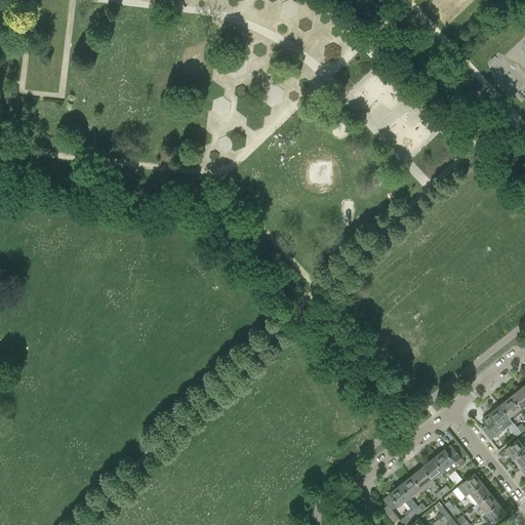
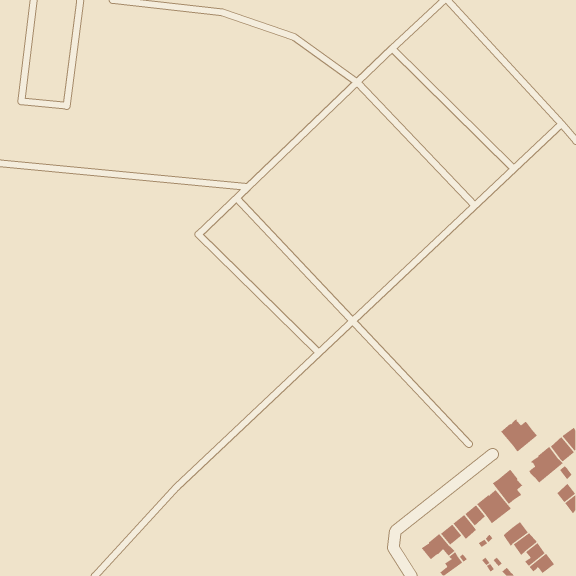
building: none -> [499,418,538,453]
building: none -> [492,468,523,505]

